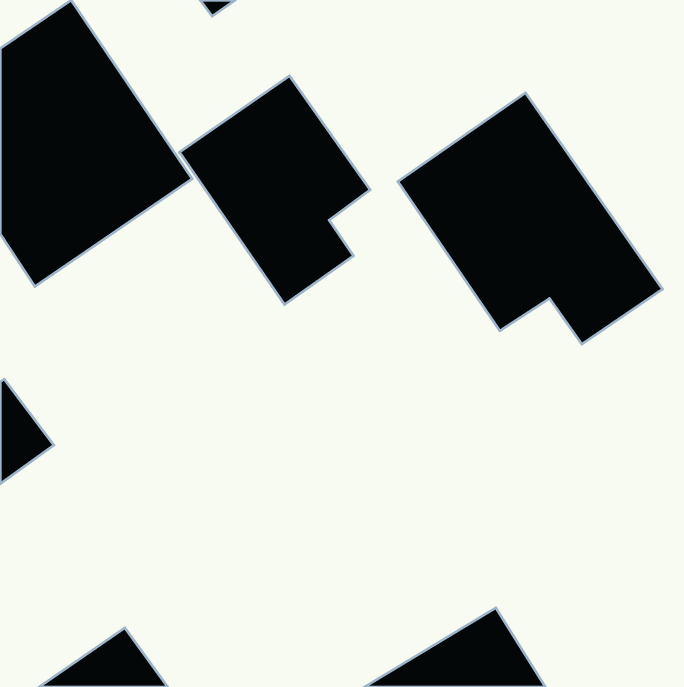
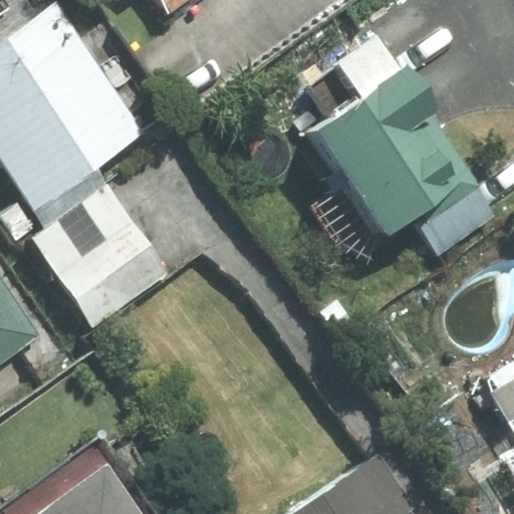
building: [180,76,370,305] -> none
building: none -> [36,190,167,323]

